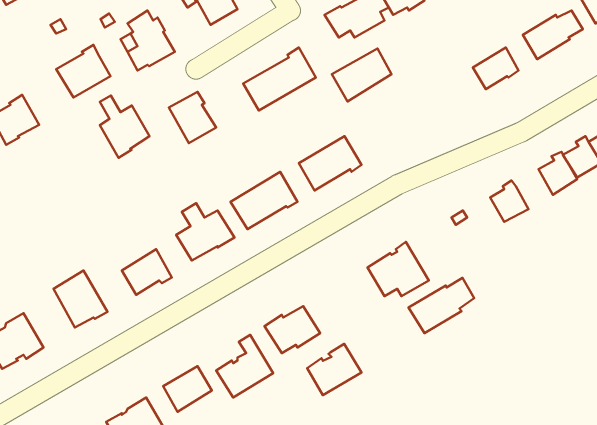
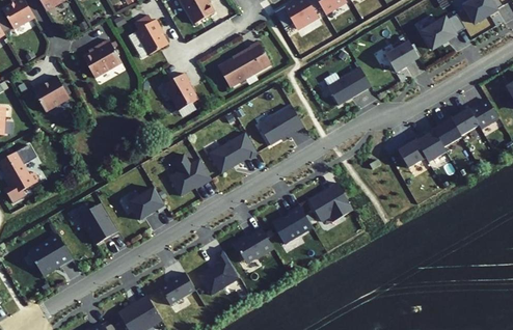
building: [332,49,392,101] -> [327,66,371,105]
building: [100,95,149,158] -> none
building: none -> [416,129,447,162]
building: [409,278,474,333] -> none
building: [307,344,361,395] -> [272,205,312,243]

